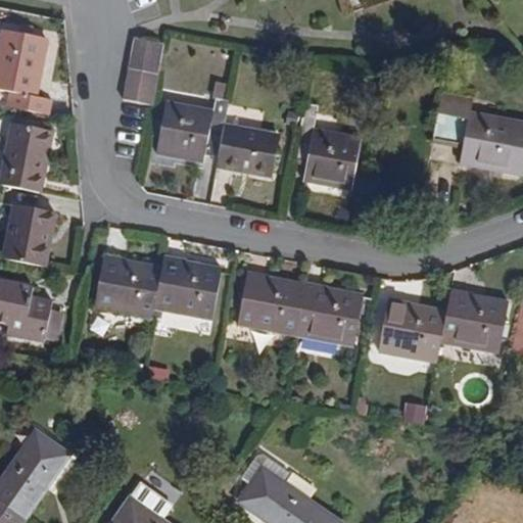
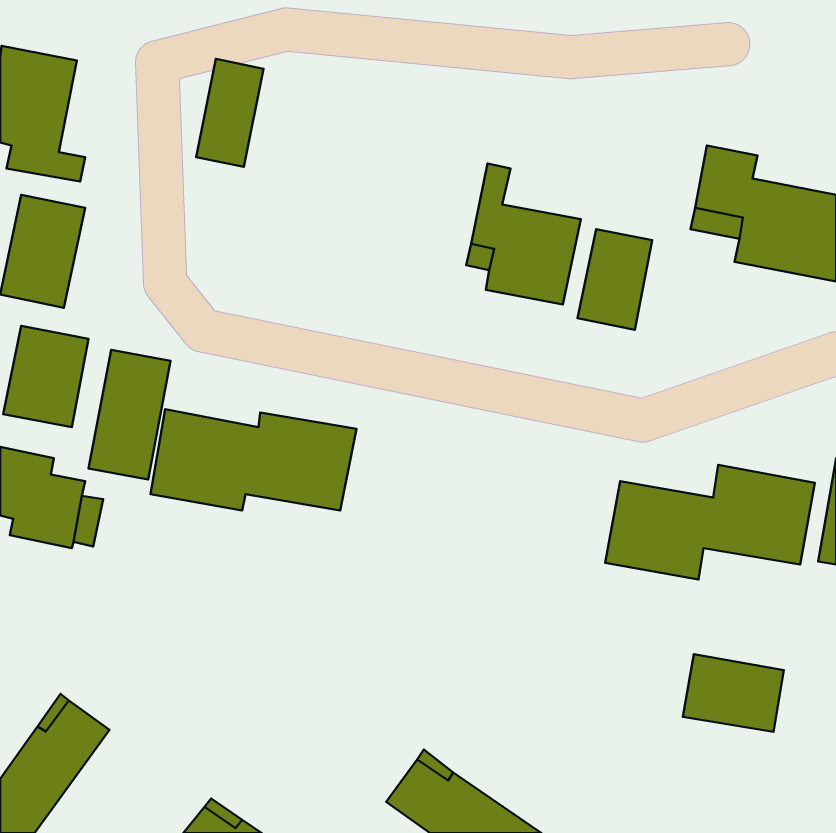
building: [155,98,281,177] -> none
building: none -> [577,229,652,330]
building: none -> [89,350,171,479]
building: [237,272,363,346] -> none
building: none -> [683,654,784,732]

